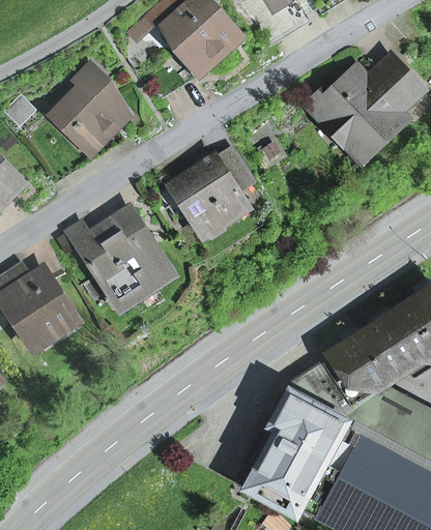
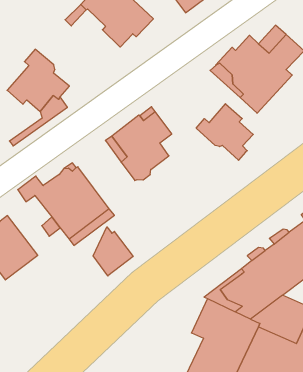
building: none -> [196,104,253,160]
building: none -> [93,227,133,276]

